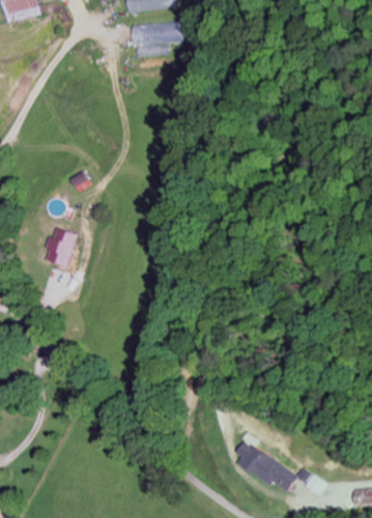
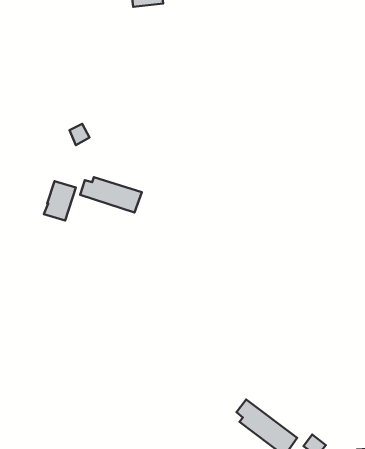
building: none -> [80,177,142,213]

